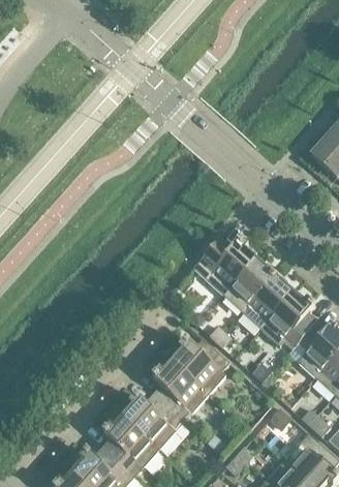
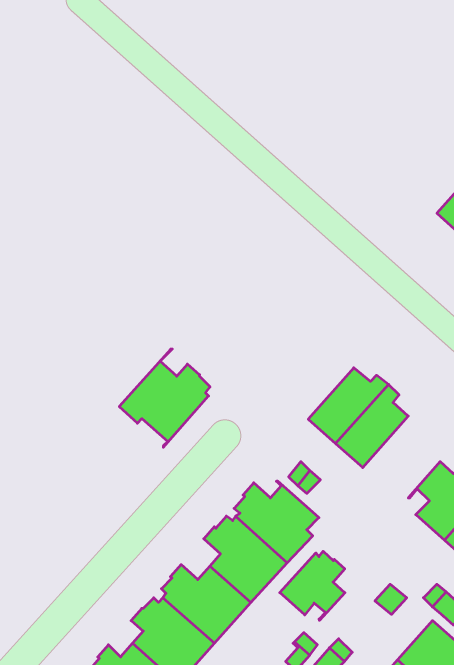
building: [192,229,254,296] -> [119,349,210,447]
building: [259,293,314,349] -> none
building: none -> [280,551,345,620]

